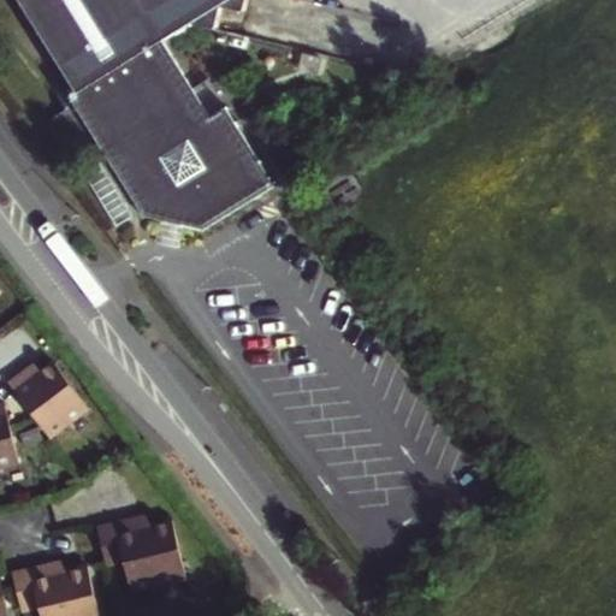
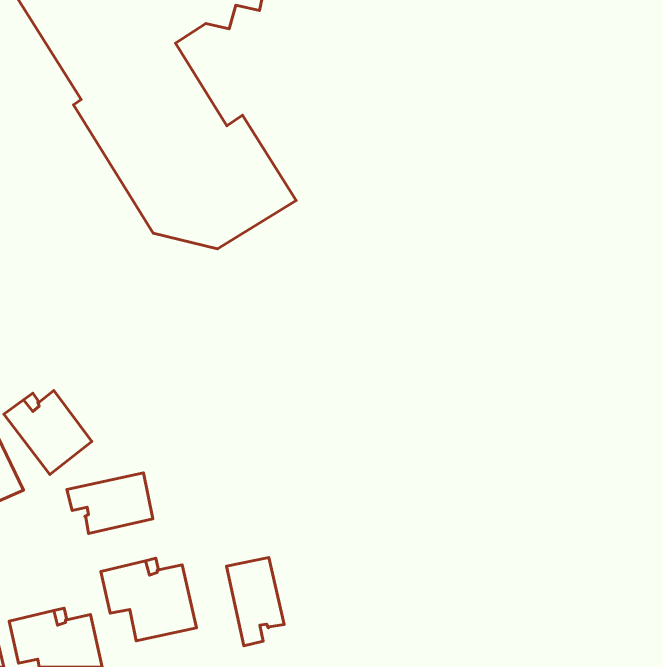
building: none -> [67,473,153,533]
building: none -> [226,558,284,646]

